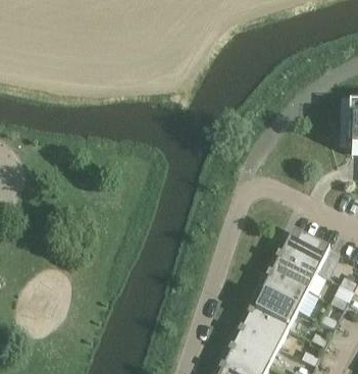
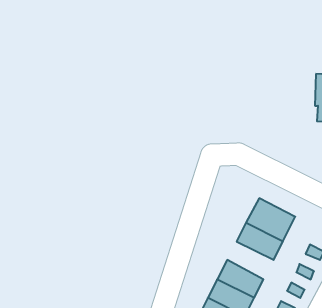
building: [262,272,318,315] -> none

